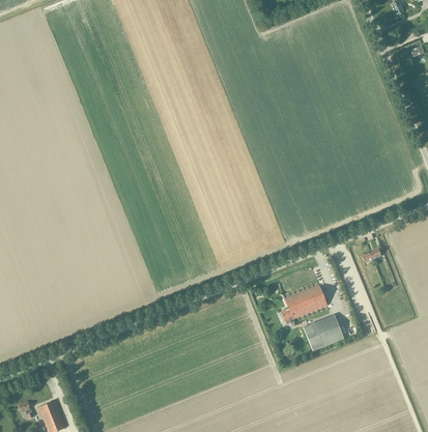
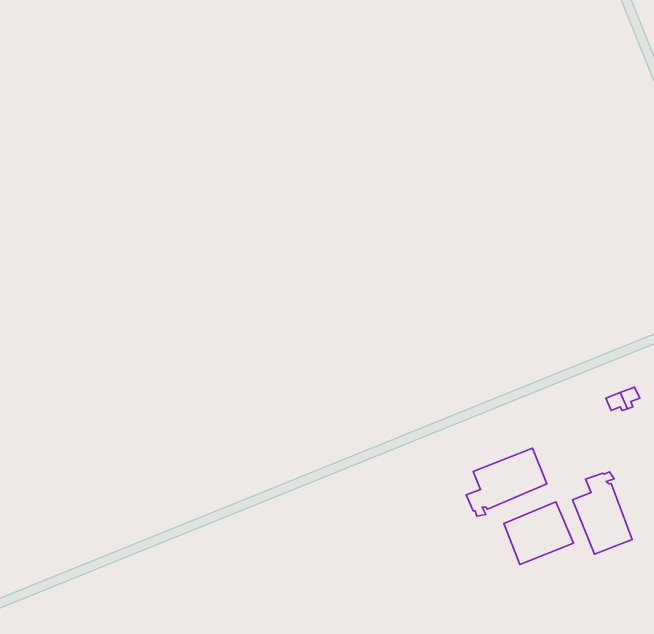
building: none -> [572,472,632,554]

